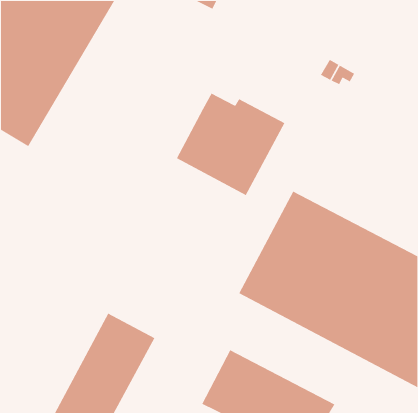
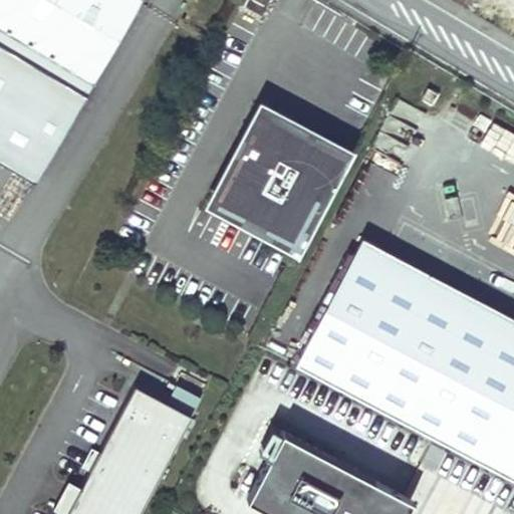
building: none -> [243,101,296,140]

